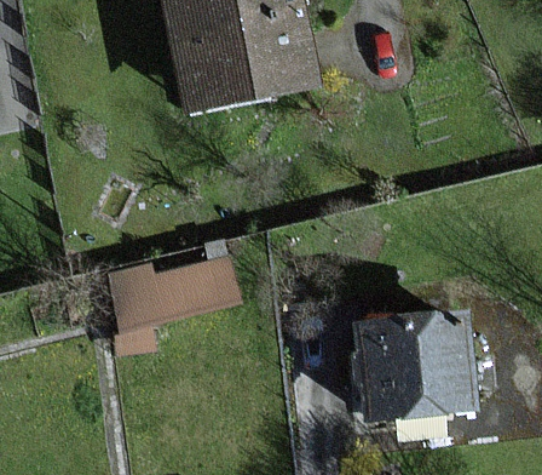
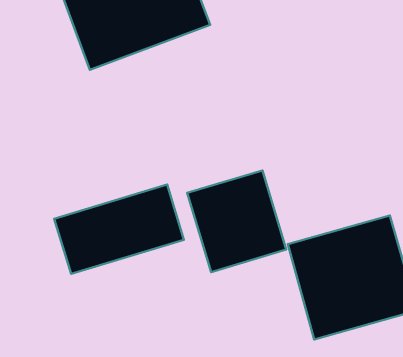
building: none -> [187,171,286,272]

